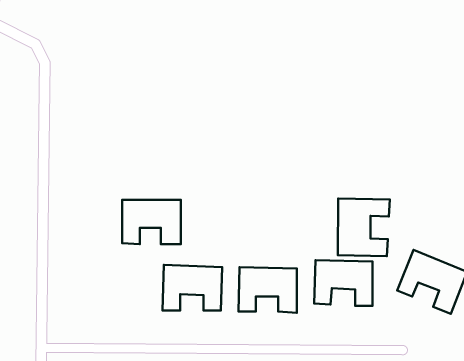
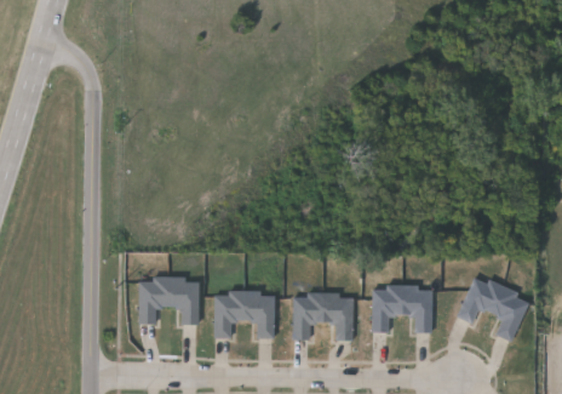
building: [338,199,390,256] -> none
building: [122,200,181,244] -> [138,278,199,324]

